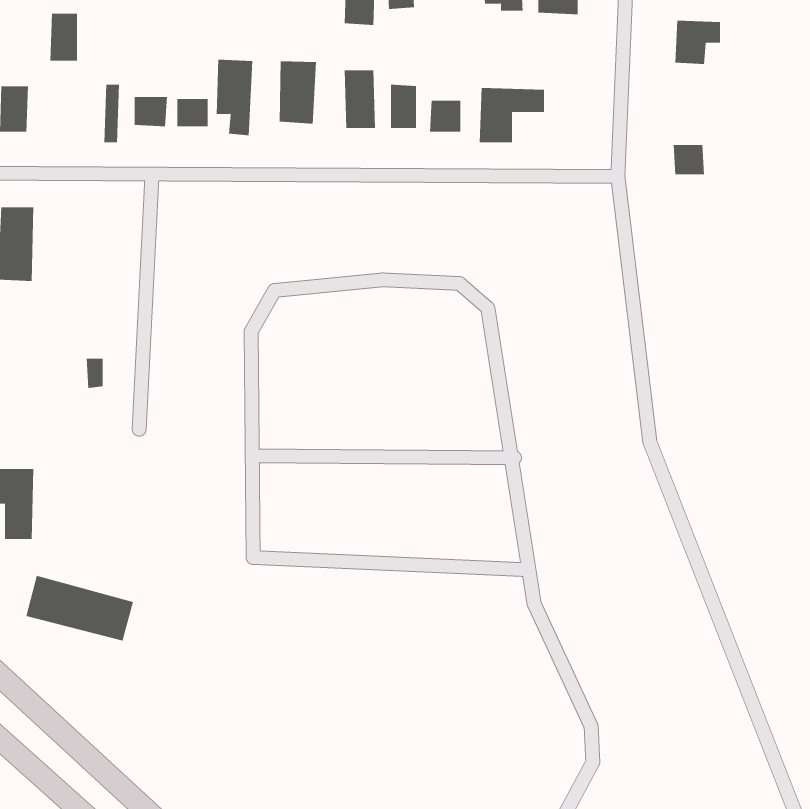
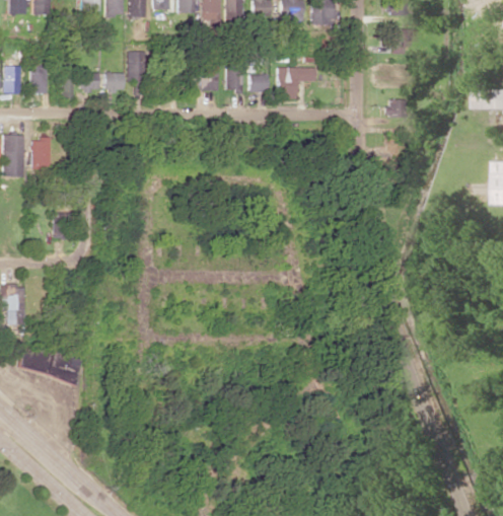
building: [49,13,78,61] -> [31,65,48,92]
building: [279,60,316,124] -> none
building: none -> [32,138,51,166]

